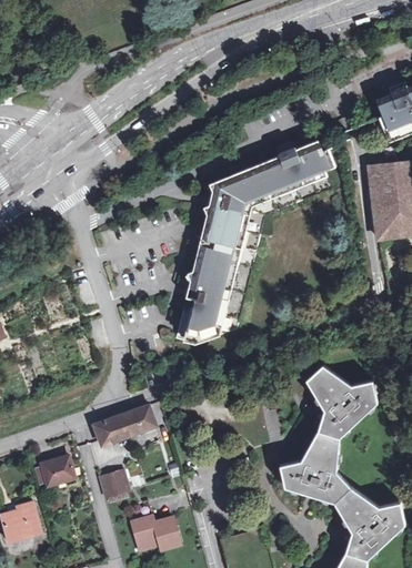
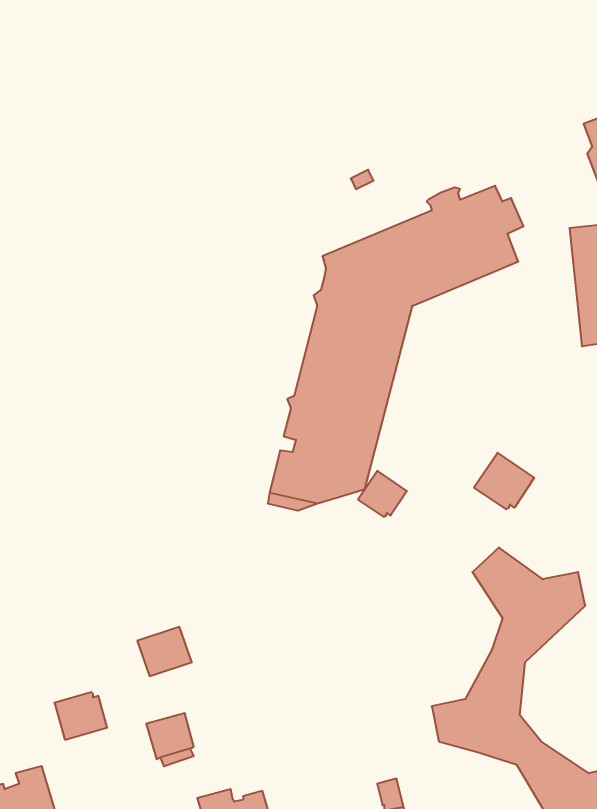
building: none -> [474,453,534,509]
building: none -> [358,471,407,517]
building: [121,404,158,437] -> none

